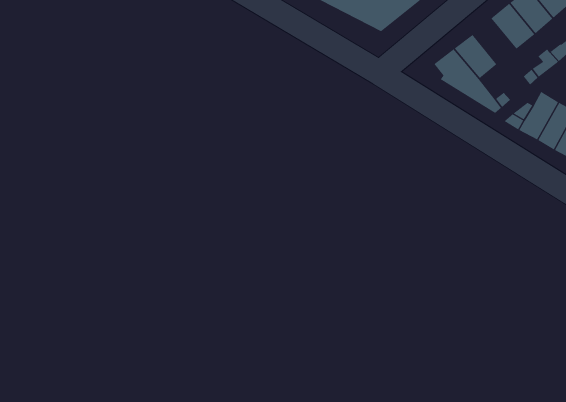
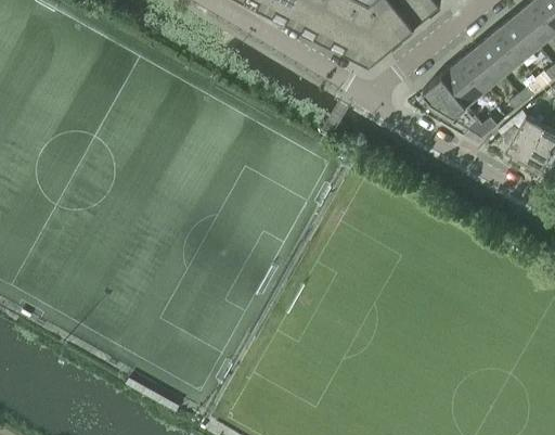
building: none -> [462,46,504,90]

